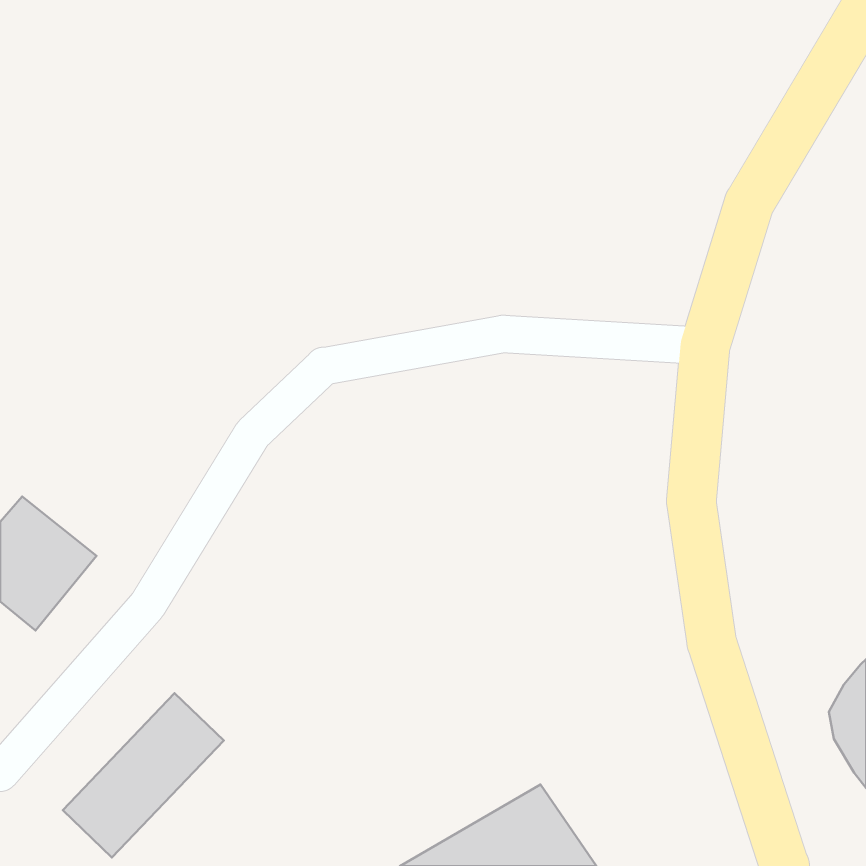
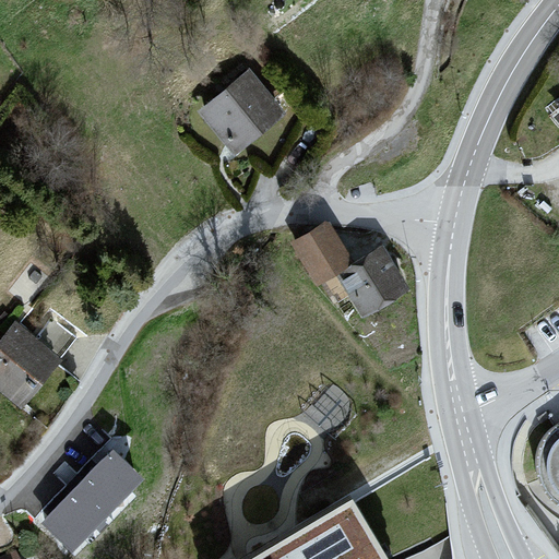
building: none -> [203,74,281,150]
building: none -> [295,225,403,313]

